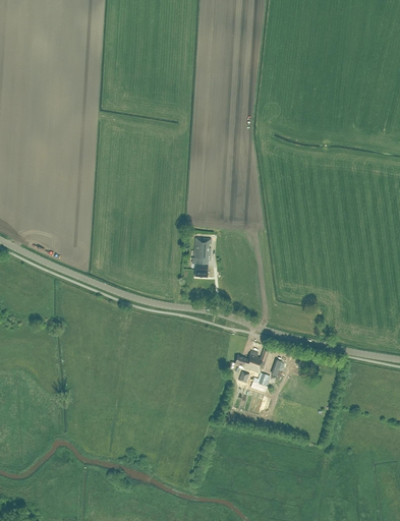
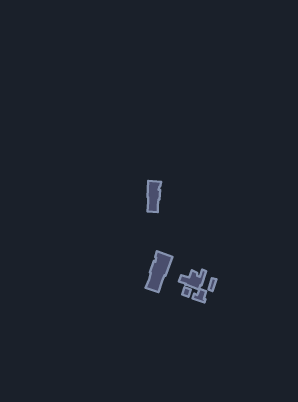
building: none -> [146,251,172,292]

